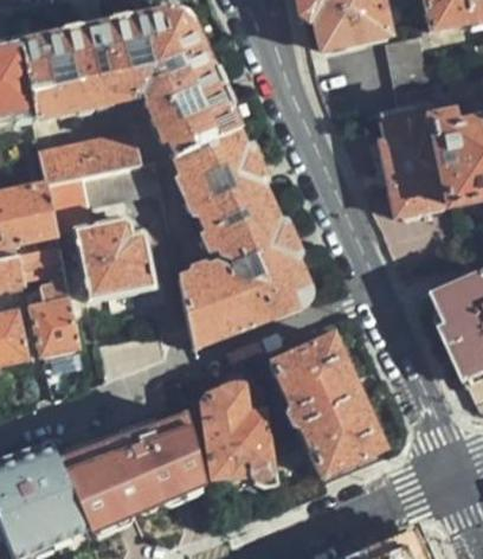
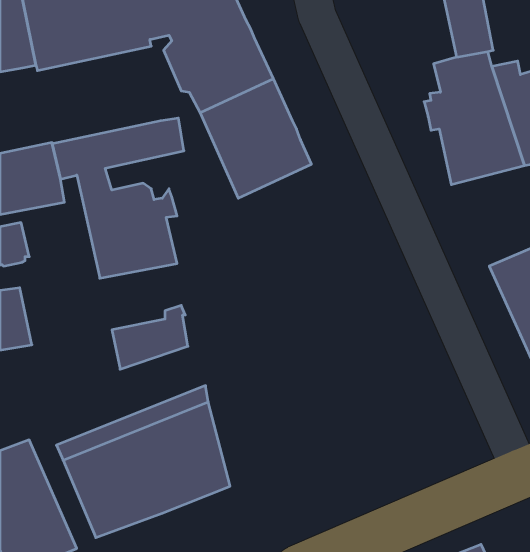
building: [40,134,141,184] -> none
building: [179,201,310,349] -> none
building: [19,245,67,285] -> none
building: [30,298,80,355] -> none
building: [266,335,385,482] -> none
building: [201,387,273,484] -> none

